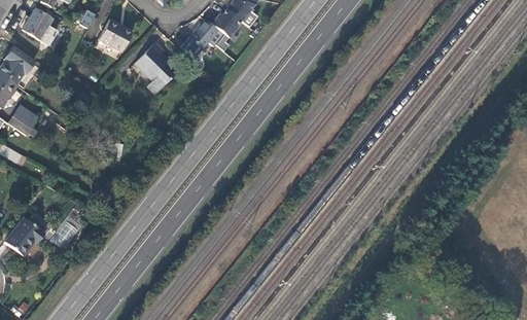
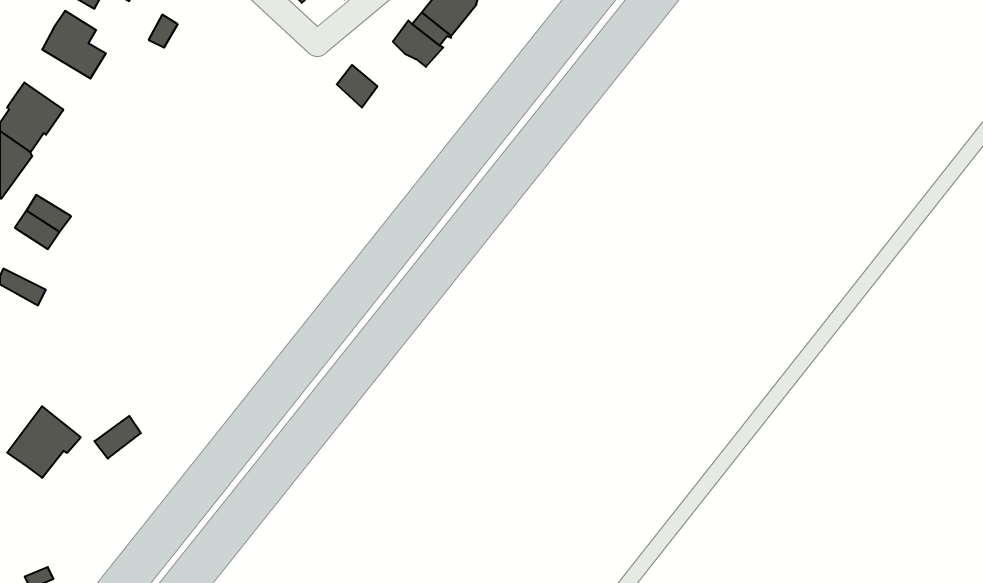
building: [100,19,133,50] -> none
building: [188,20,216,48] -> none
building: [136,43,178,95] -> none

